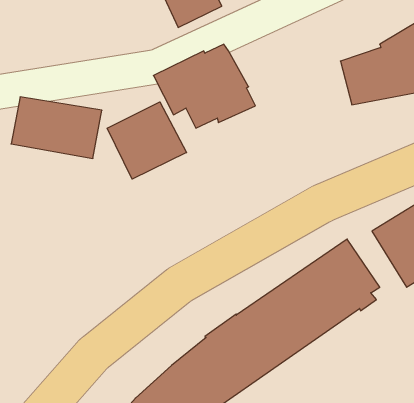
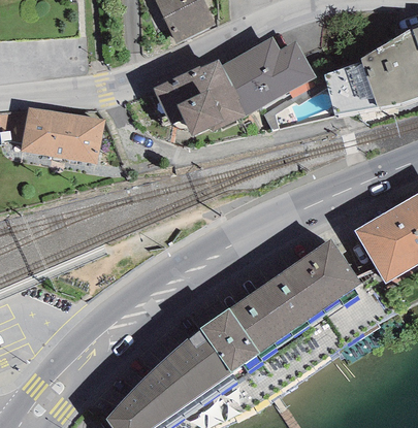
building: none -> [221,36,316,116]
building: [107,102,187,179] -> none

